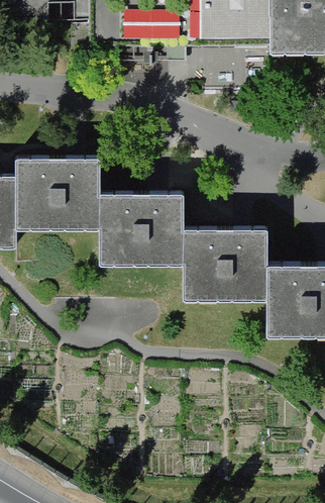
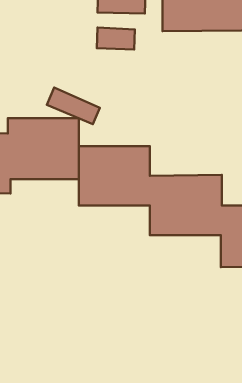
building: none -> [97,27,135,50]
building: none -> [47,88,100,124]

